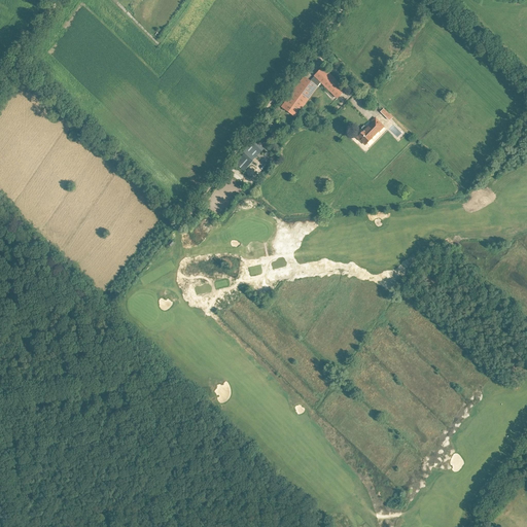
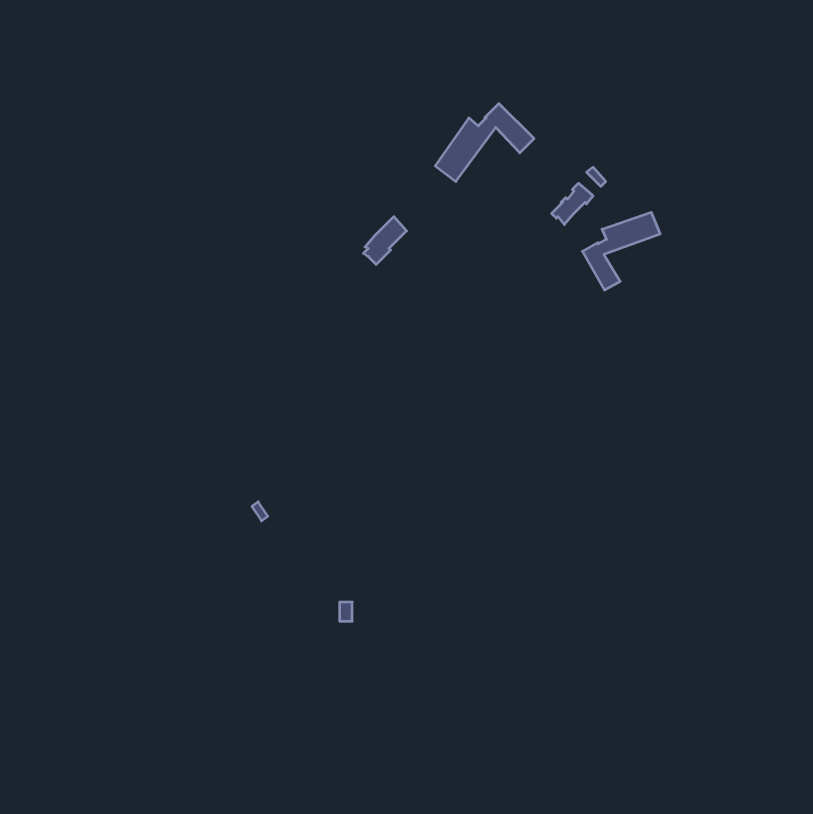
building: none -> [582,212,660,290]

